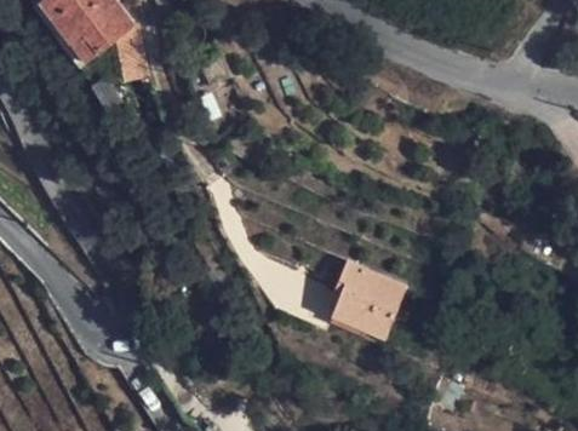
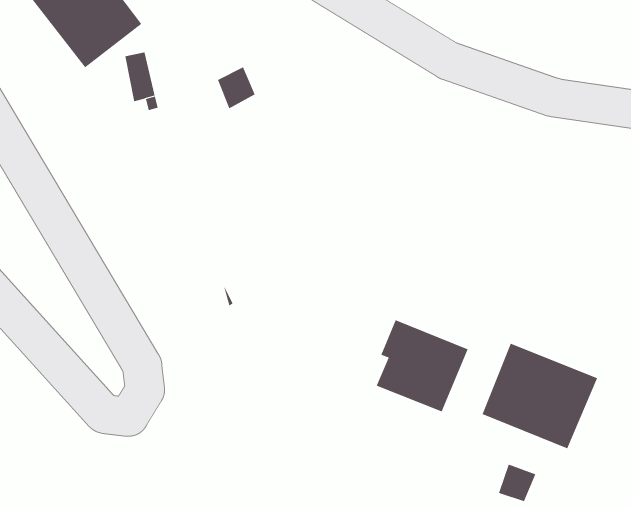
building: none -> [482,343,598,449]

